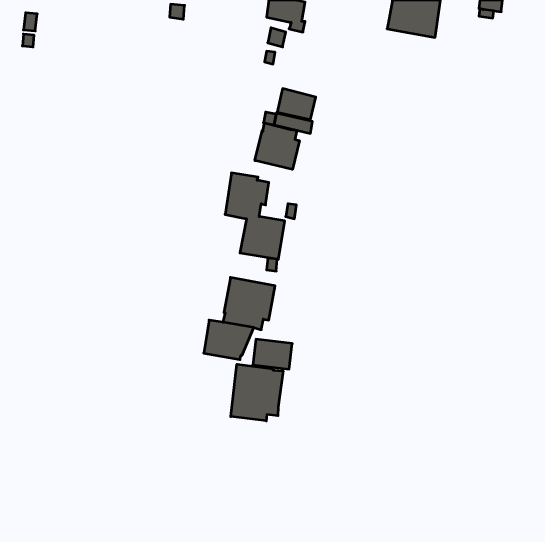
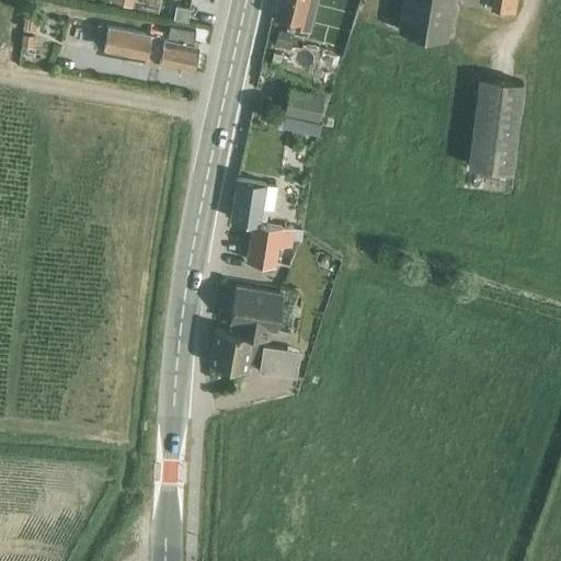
building: none -> [94,25,201,71]
building: none -> [471,80,520,173]
building: [255,123,299,169] -> none
building: [231,364,283,421] -> none

